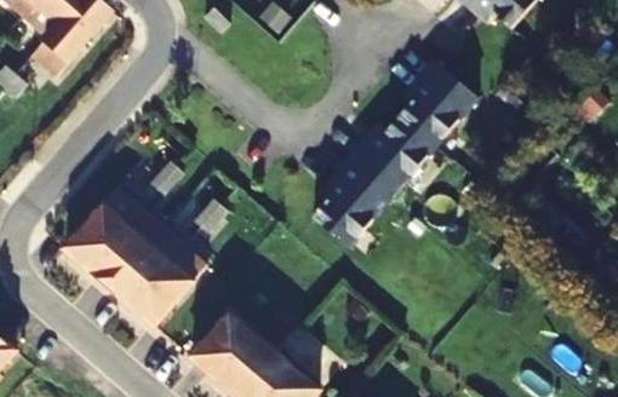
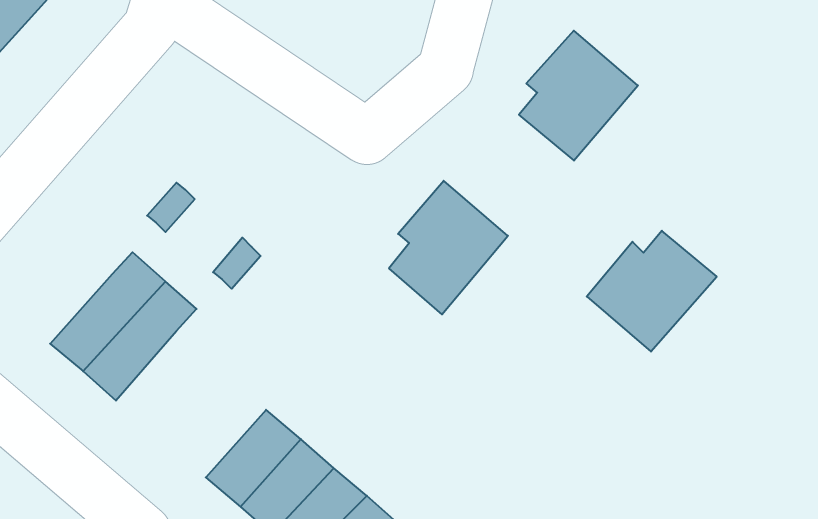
building: [348,117,434,197] -> [587,231,717,352]
building: [64,188,142,269] -> none
building: [131,246,206,324] -> none

